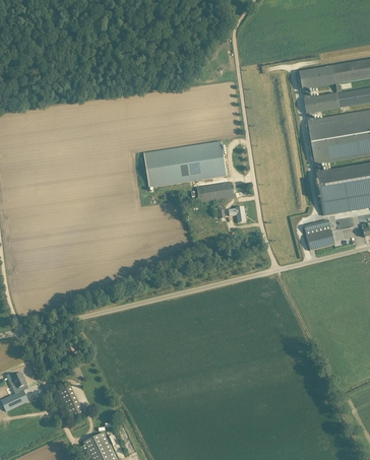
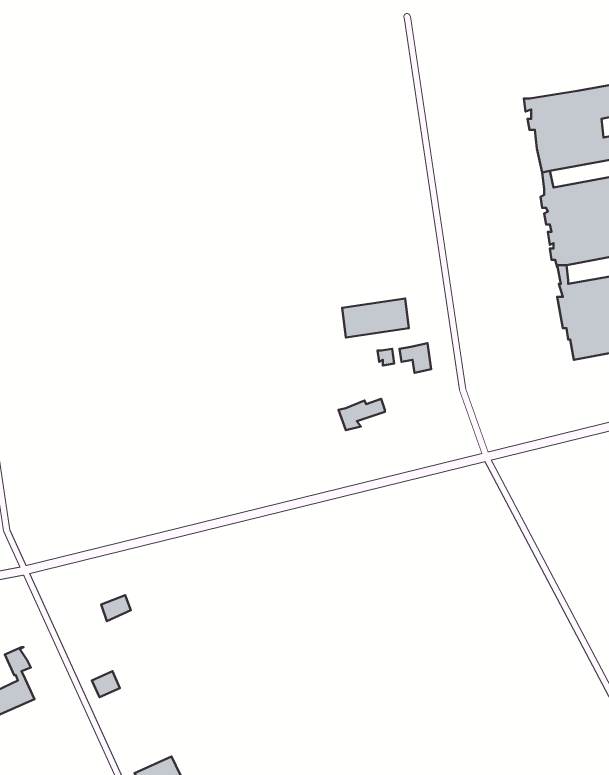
building: [144,140,227,187] -> none
building: [307,228,334,250] -> none

